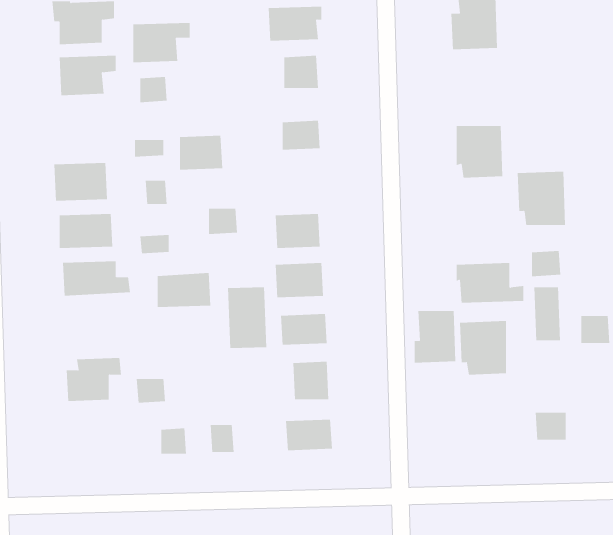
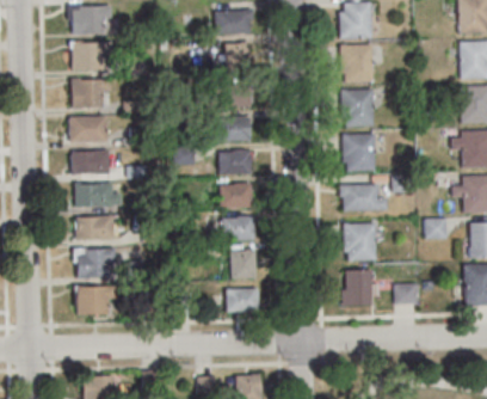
building: [133,22,191,63] -> [70,79,110,106]
building: none -> [340,43,372,80]
building: [179,135,223,170] -> [218,116,248,140]
building: [517,171,566,226] -> [343,133,376,170]
building: [157,272,211,308] -> [76,215,113,239]
building: [534,287,561,341] -> none
building: [228,287,267,349] -> none
building: [414,310,456,363] -> [344,270,372,306]
building: none -> [76,286,116,313]

